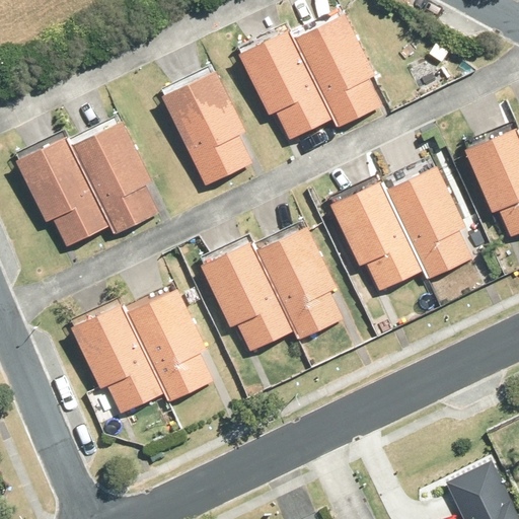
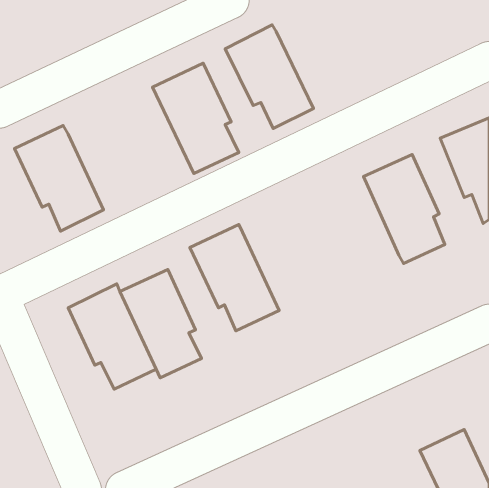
building: [292,10,380,125] -> none
building: [72,121,158,234] -> none
building: [331,179,422,291] -> none
building: [256,224,342,339] -> none

